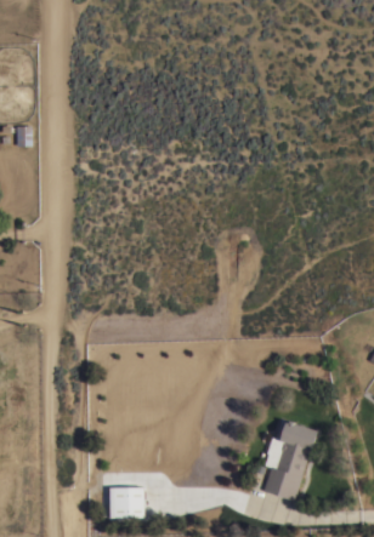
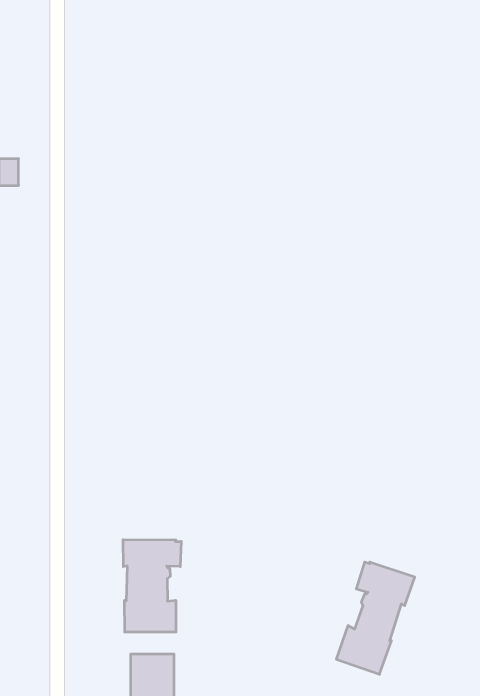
building: none -> [123,540,181,632]

